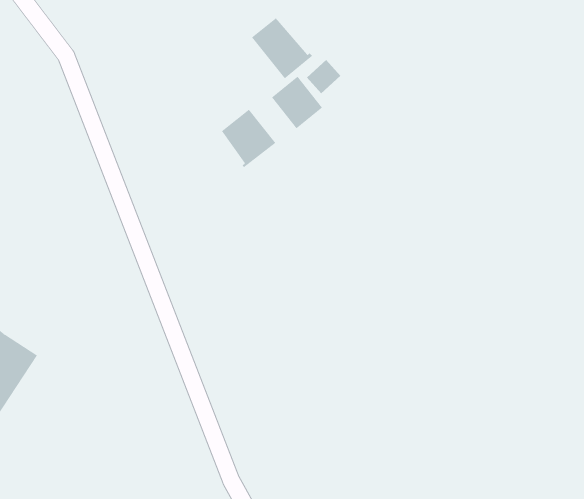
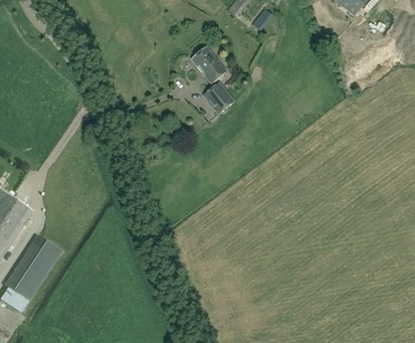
building: [221,109,276,168] -> none

